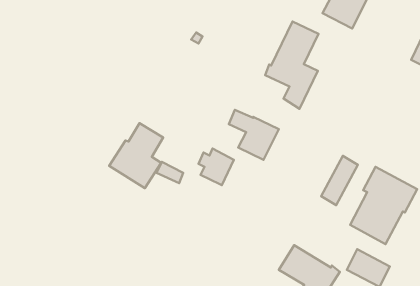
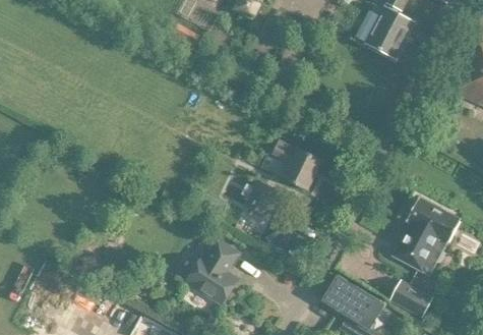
building: [265,21,319,109] -> none
building: [109,123,163,188] -> [186,239,240,304]
building: [321,156,358,205] -> none

